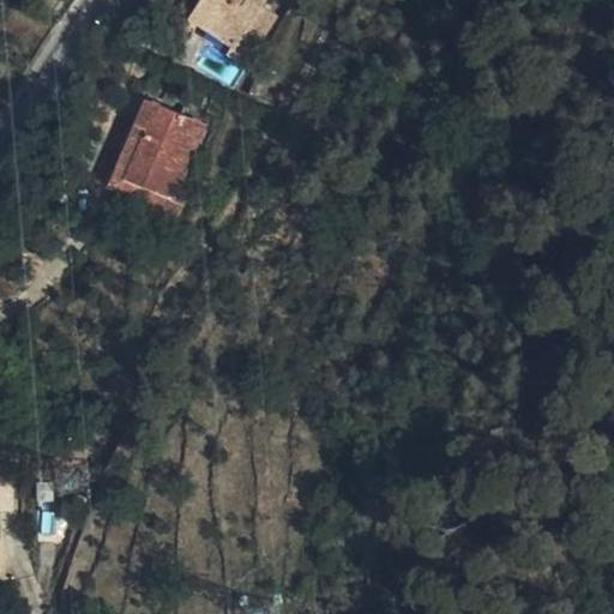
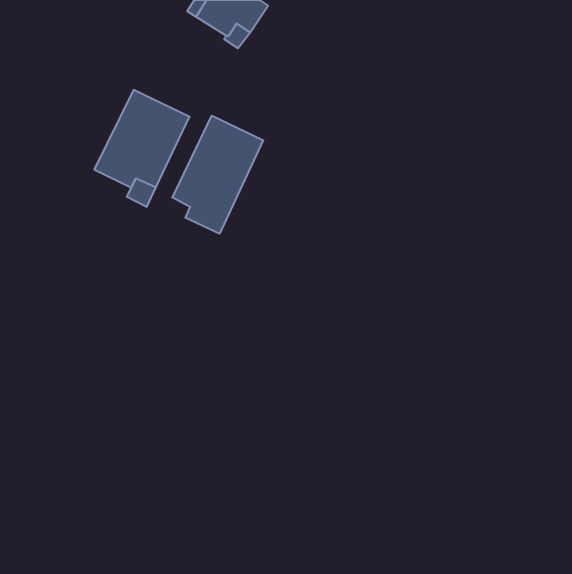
building: none -> [172,116,263,234]

